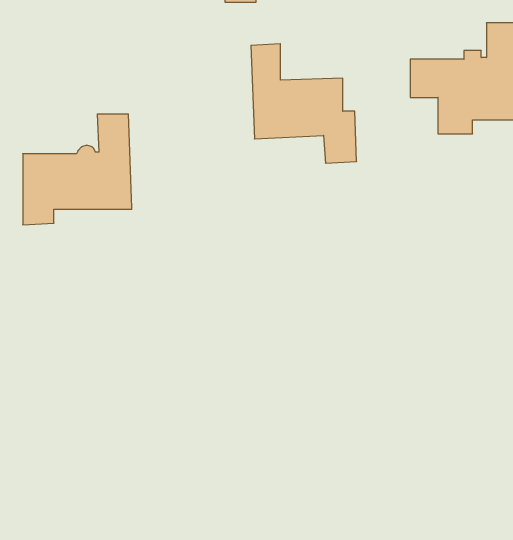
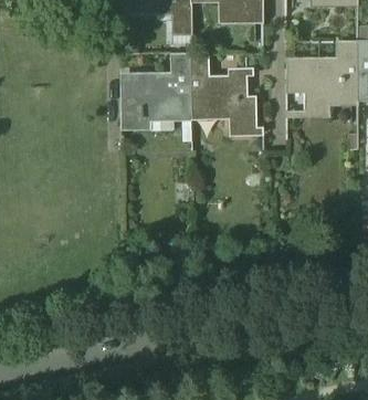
building: [23,114,132,225] -> [122,56,191,127]

